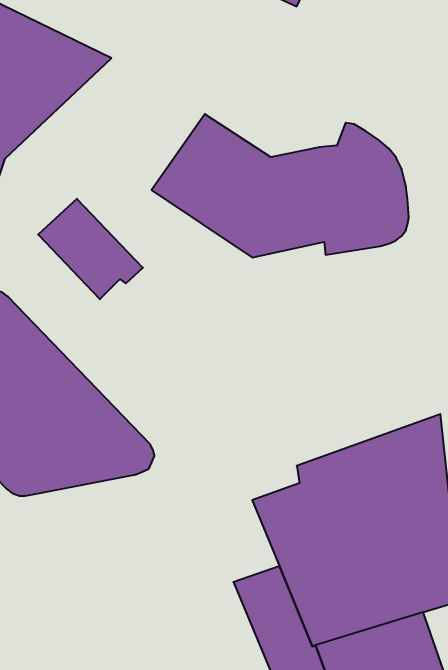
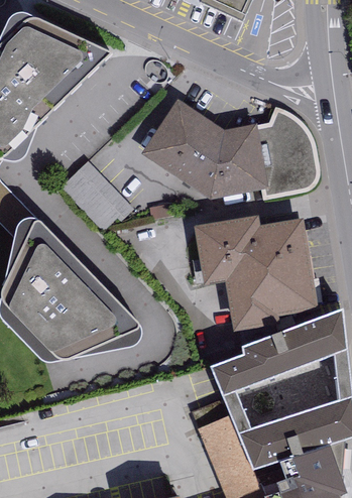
building: none -> [194,214,319,329]

